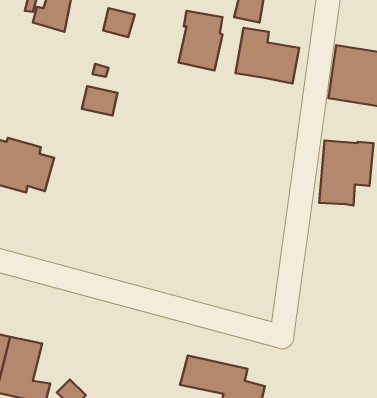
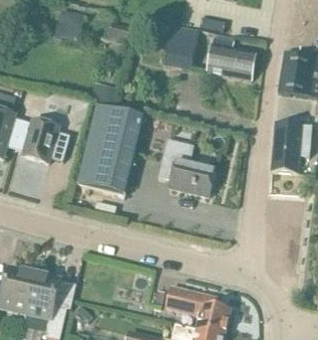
building: none -> [77,105,143,194]
building: none -> [159,140,215,196]

